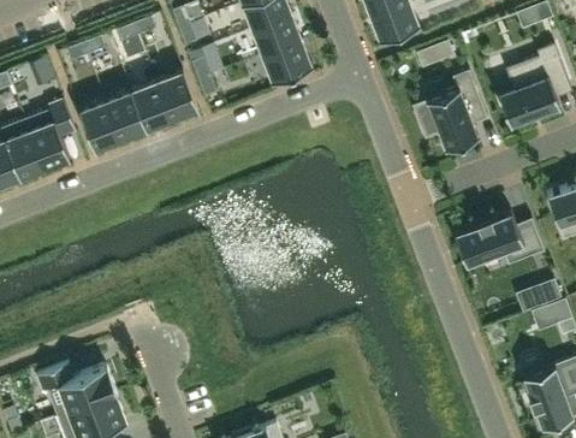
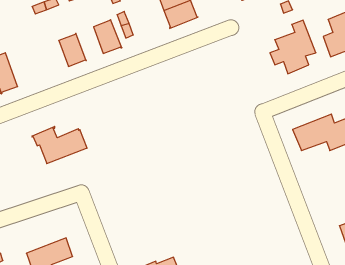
building: [131,81,172,131] -> none
building: [26,99,77,170] -> none
building: [78,101,120,152] -> none
building: [36,362,118,418] -> [32,126,87,164]

